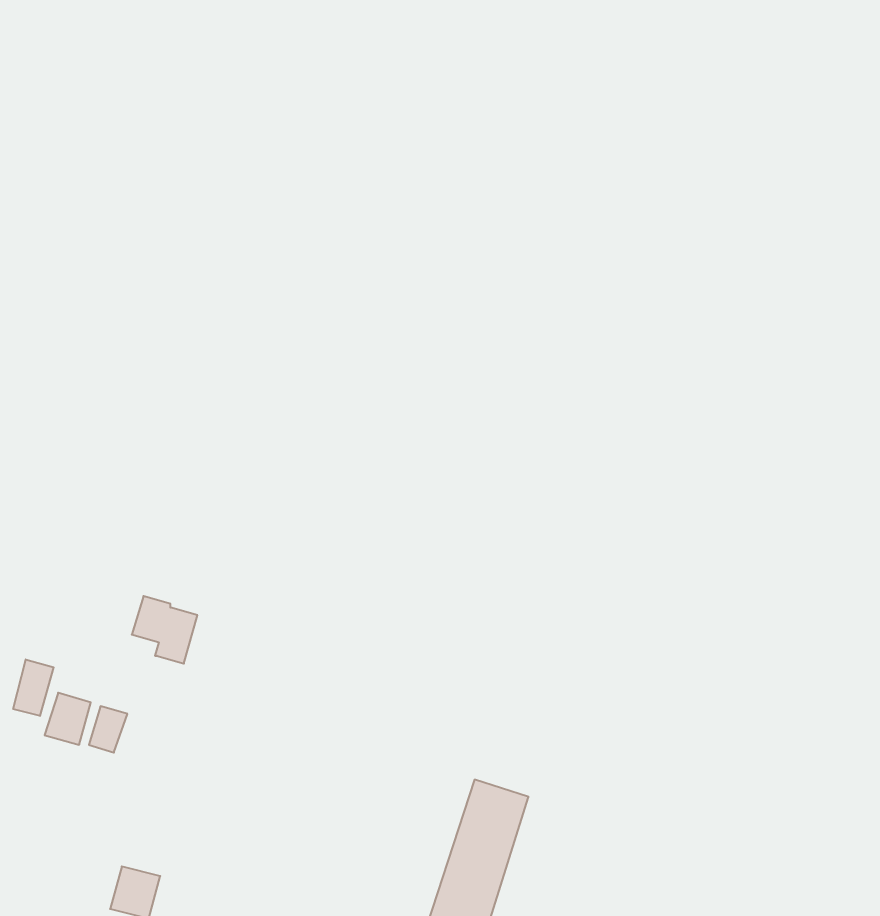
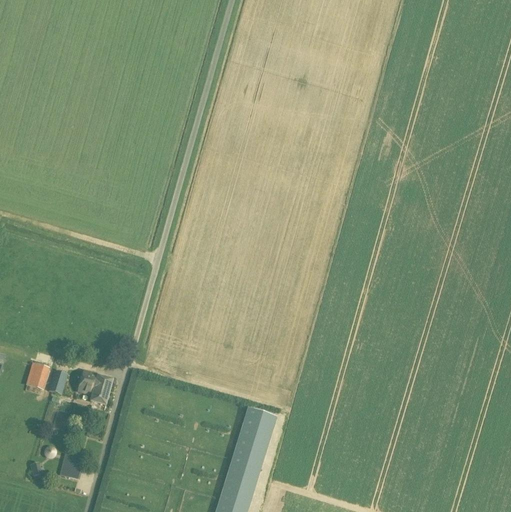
building: [132,596,197,664] -> [78,371,112,406]
building: [13,659,54,716] -> none

